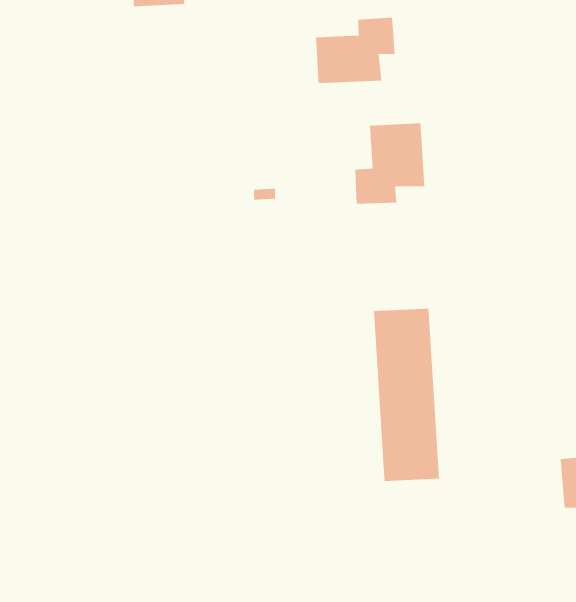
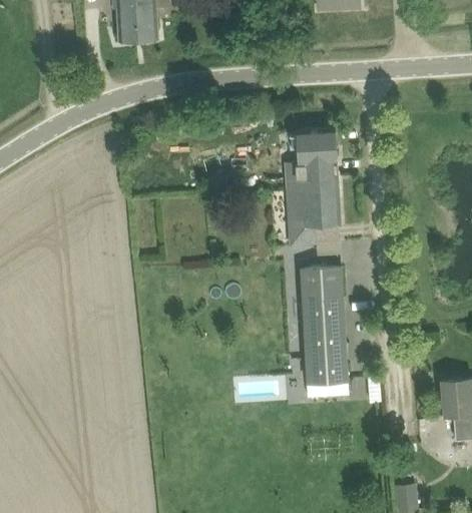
building: [316,17,395,84] -> none
building: none -> [286,174,340,244]

